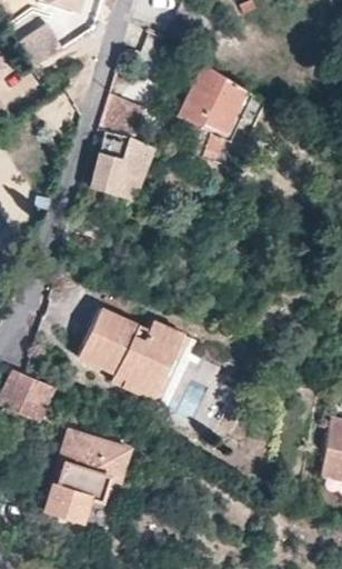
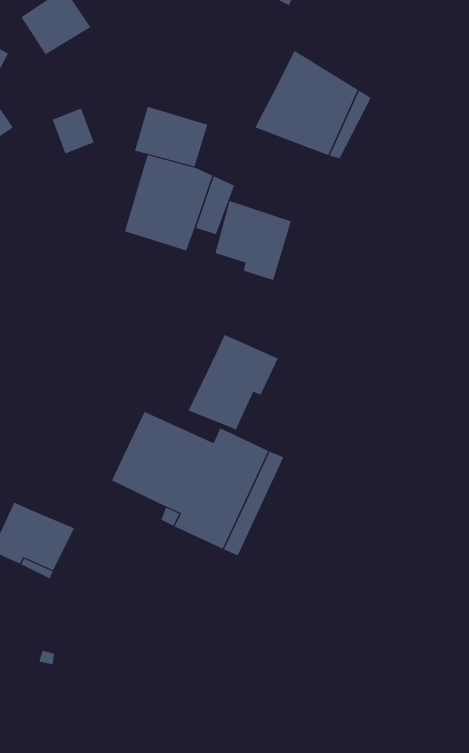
building: none -> [215,200,292,281]
building: none -> [188,334,279,430]
building: [40,429,131,525] -> none

